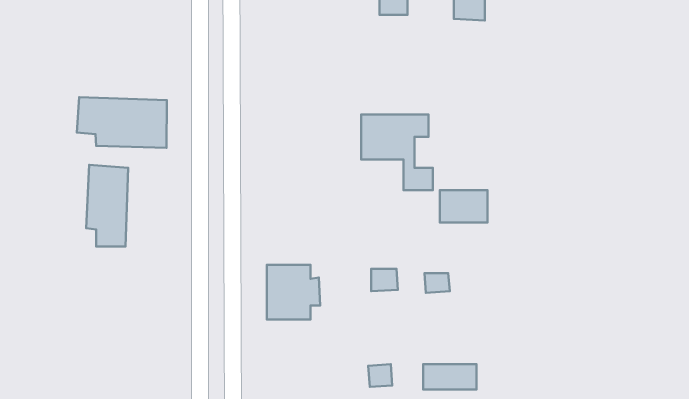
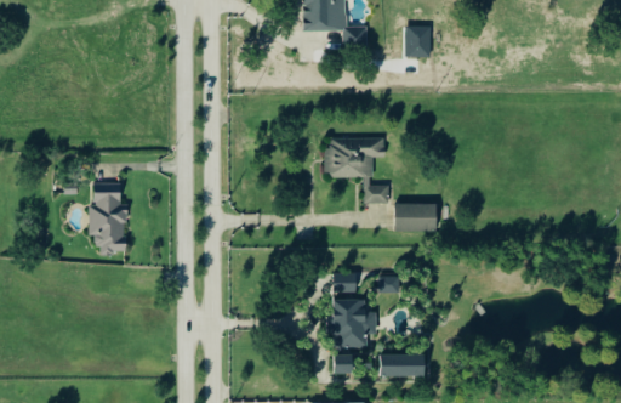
building: [77,97,167,148] -> none
building: [267,265,320,320] -> [329,300,375,347]

